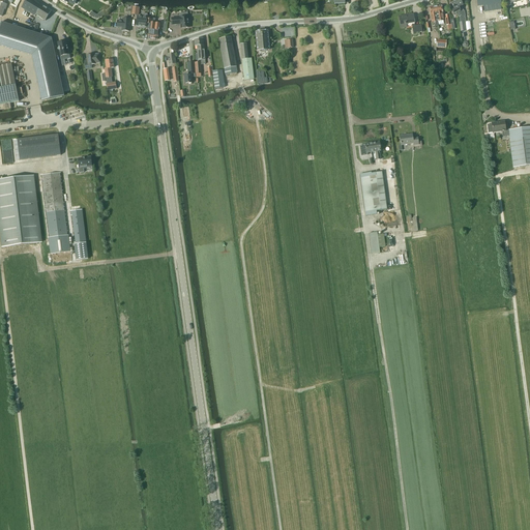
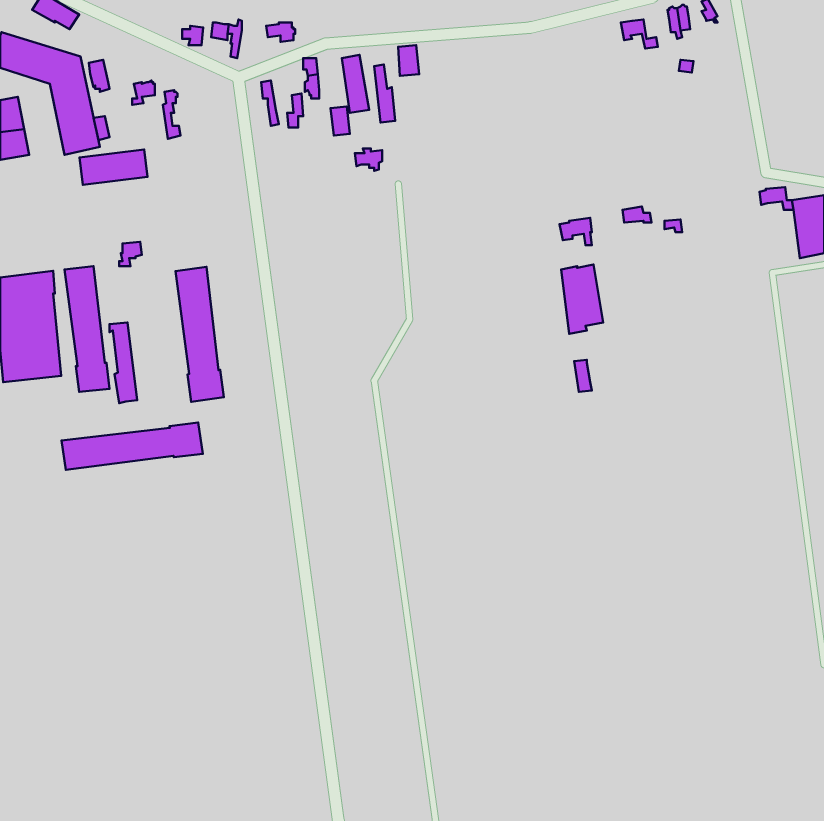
building: [18,136,61,158] -> [80,149,147,185]
building: none -> [176,267,224,402]
building: none -> [62,423,203,470]

